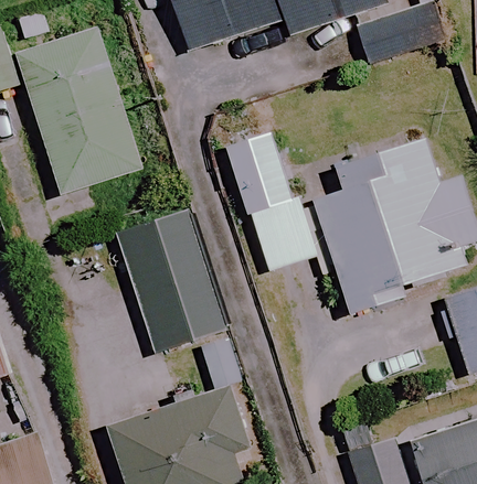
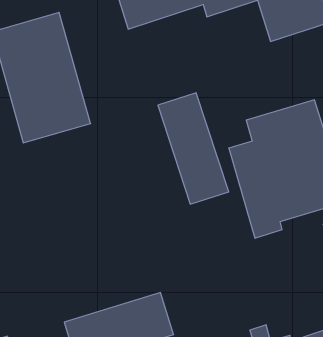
building: [118,212,223,352] -> none

